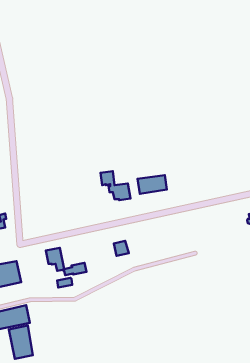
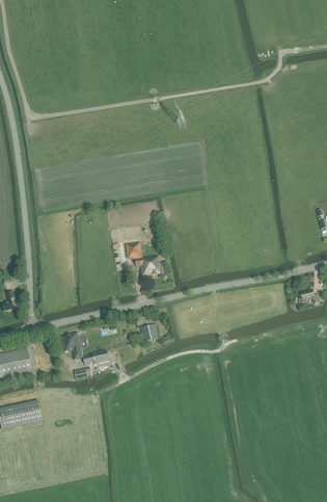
building: [137,175,167,194] -> none
building: [9,325,33,359] -> none

